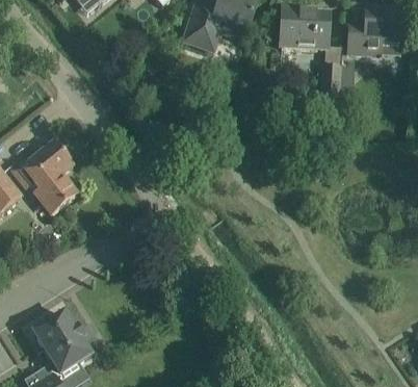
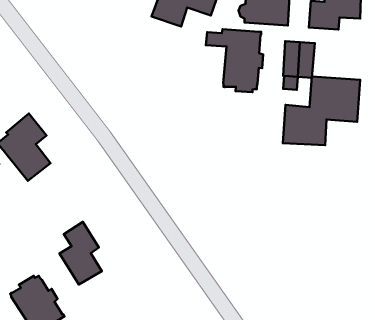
building: none -> [206,29,263,92]
building: none -> [283,77,360,145]
building: none -> [60,222,102,285]

